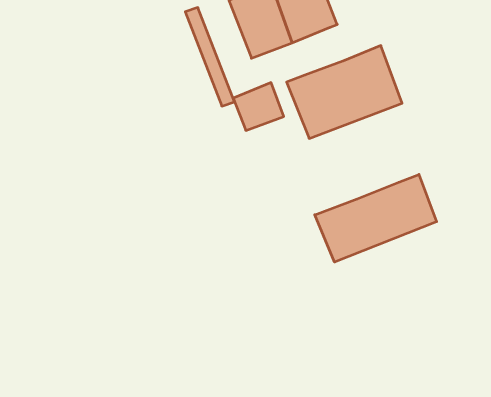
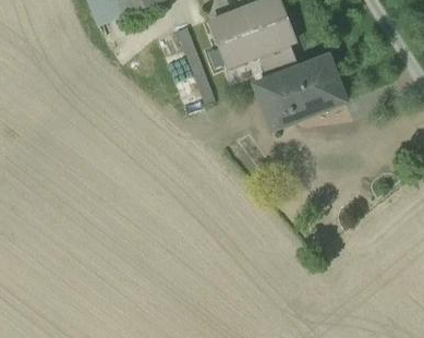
building: [233,83,284,130] -> [258,41,298,79]
building: [315,174,437,262] -> none

